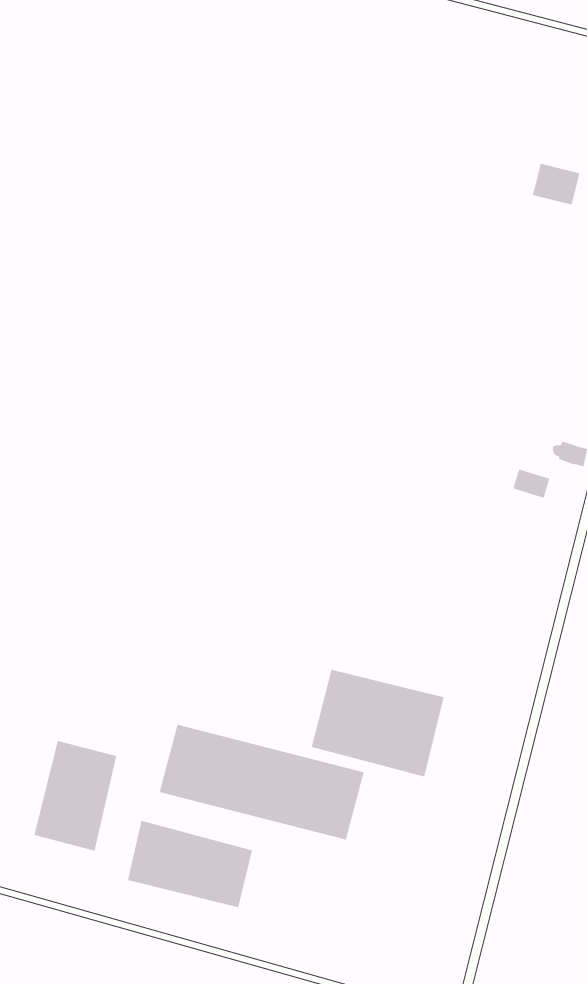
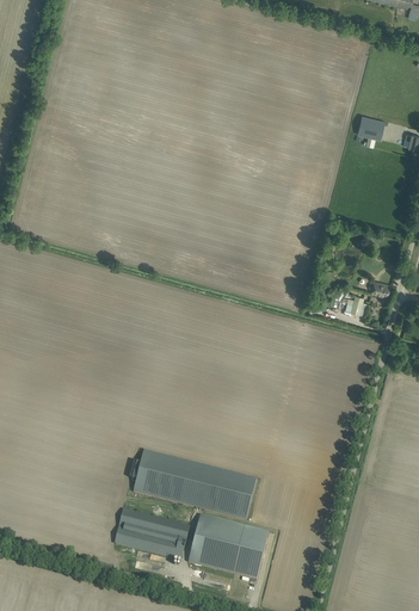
building: [311,669,445,777] -> [187,513,267,578]
building: [34,740,117,852] -> none

